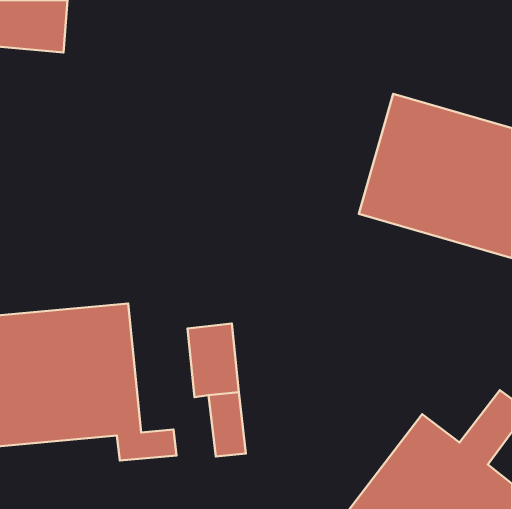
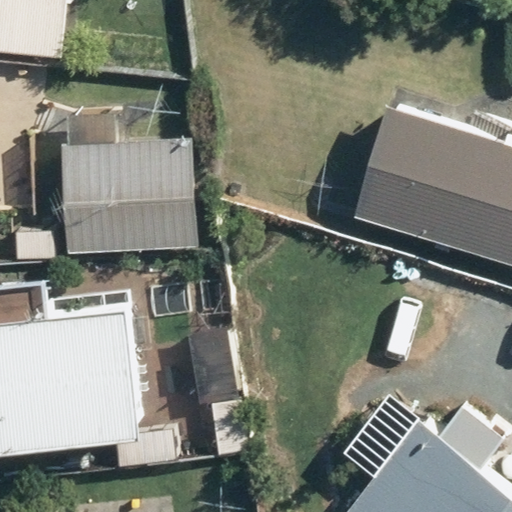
building: none -> [62,138,196,258]

